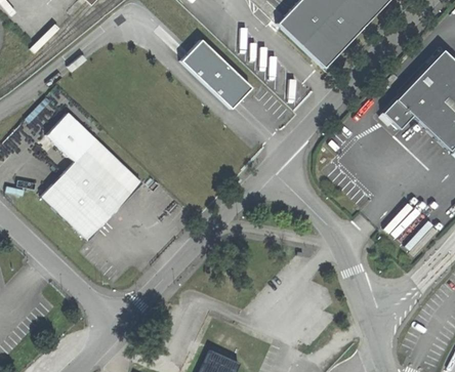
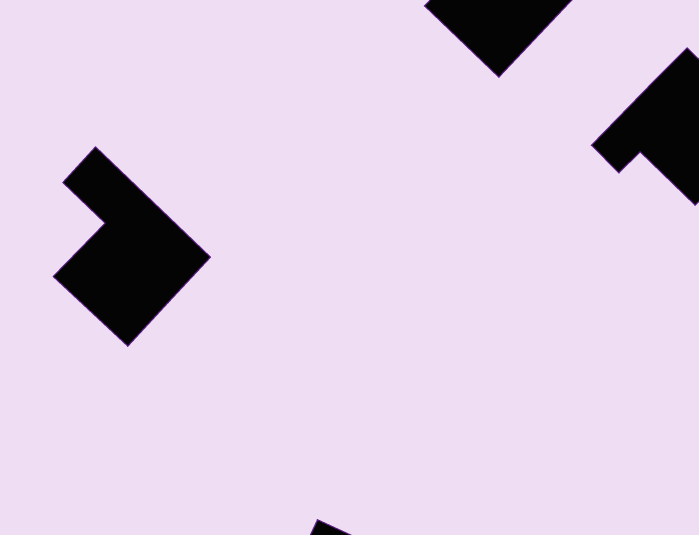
building: [182,41,252,109] -> none

